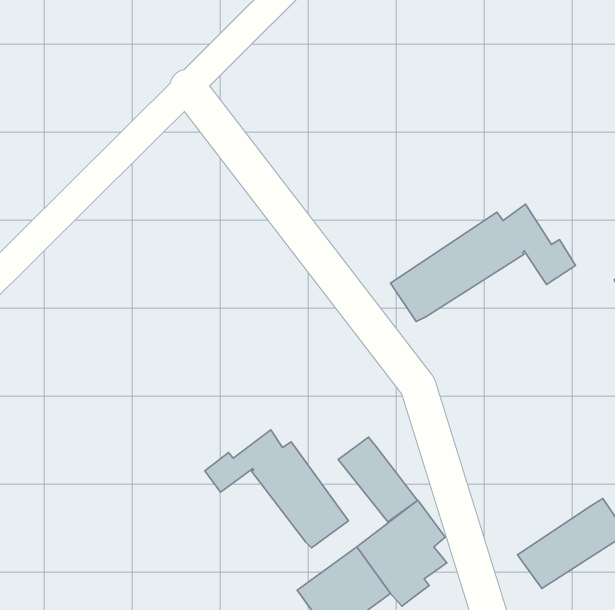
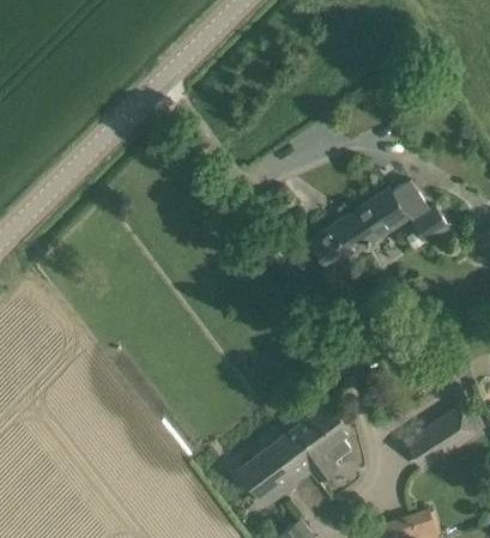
building: [205,430,348,548] -> none
building: [338,437,417,522] -> none

